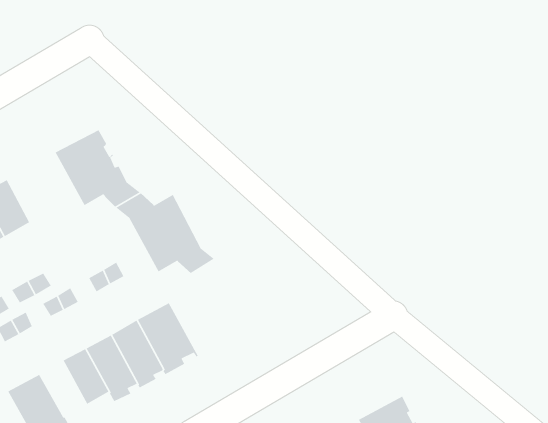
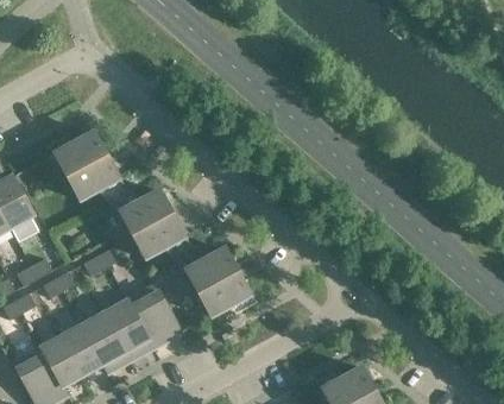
building: none -> [175,246,251,316]
building: none -> [42,335,83,385]

